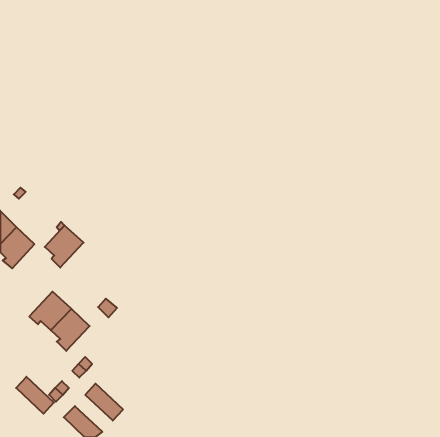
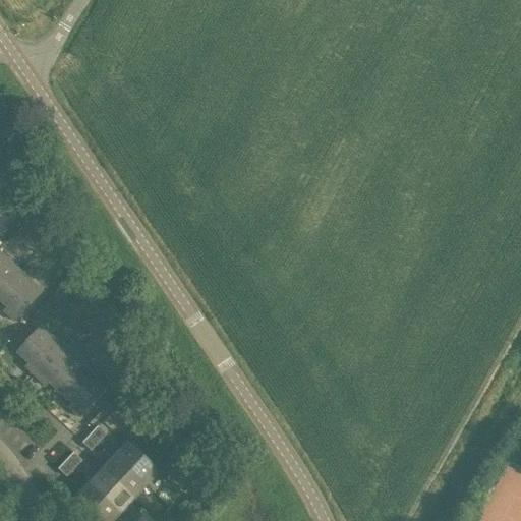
building: [45,225,84,268] -> [16,325,62,374]
building: none -> [113,440,159,484]
building: [16,377,54,414] -> [89,467,133,511]

